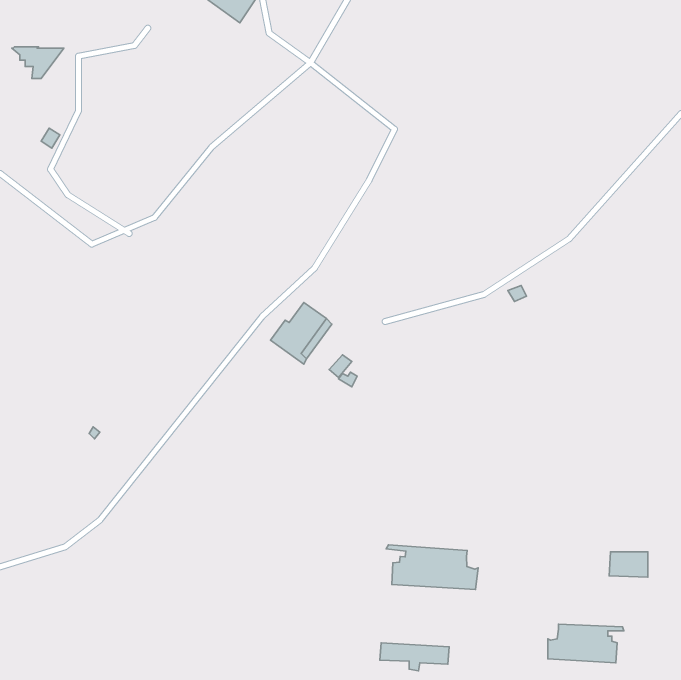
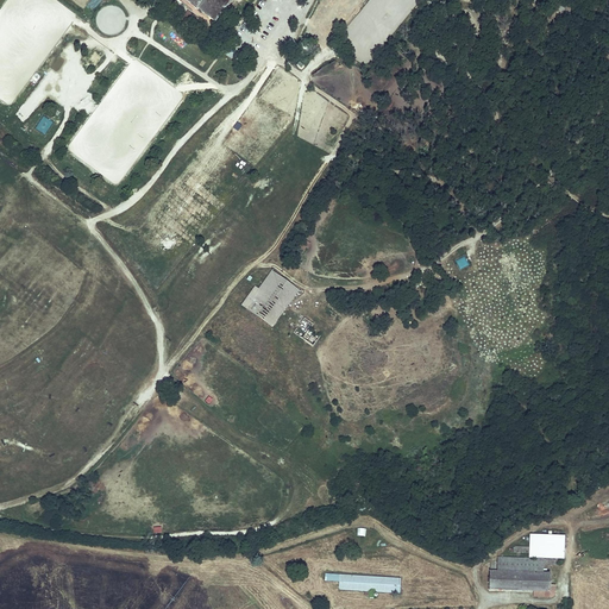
building: [386,545,478,589] -> none
building: [609,552,648,577] -> [529,535,564,558]

